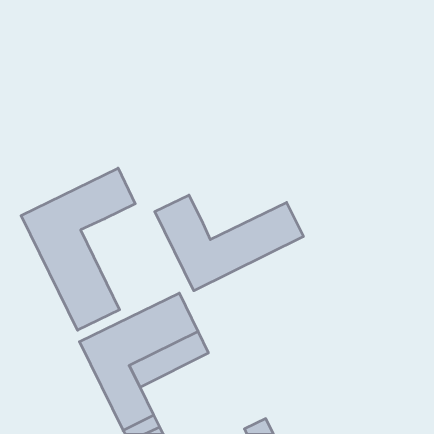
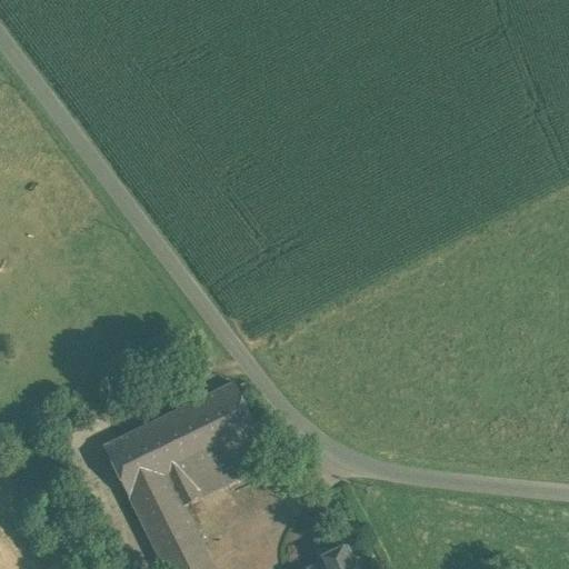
building: [21,168,135,330] -> none
building: [155,195,303,291] -> none

